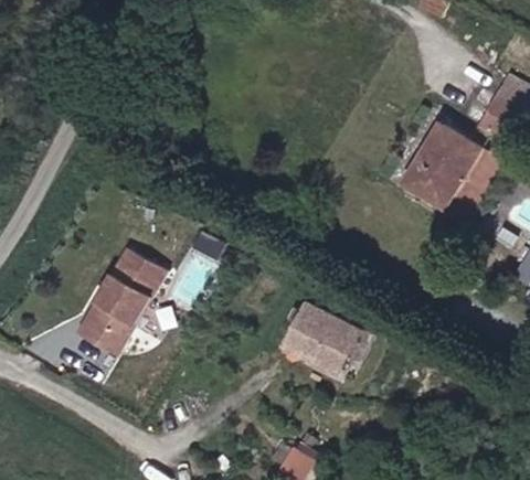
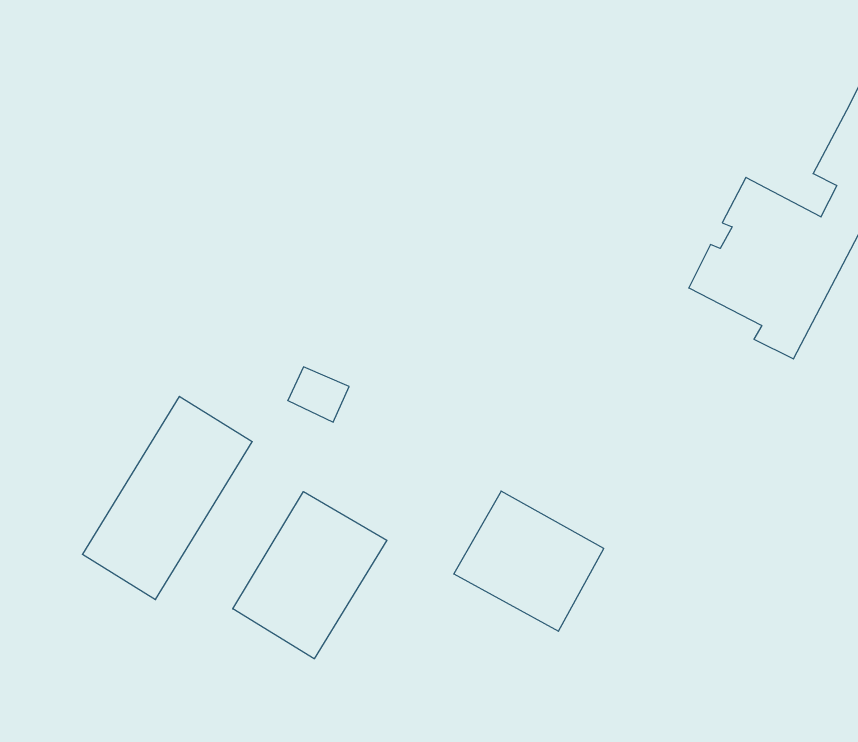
building: none -> [233,492,387,659]

